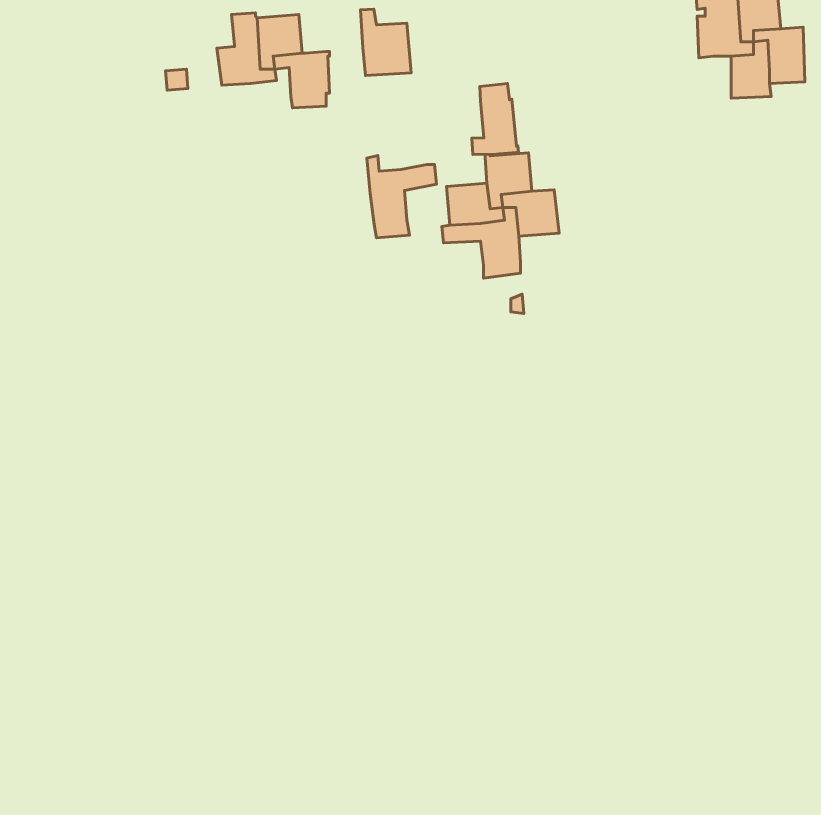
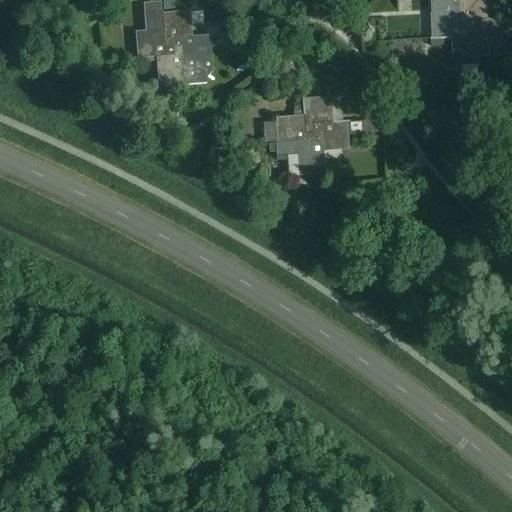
building: [360,9,411,76] -> none
building: none -> [156,42,183,79]
building: [472,84,519,154] -> none
building: [367,155,437,238] -> none

